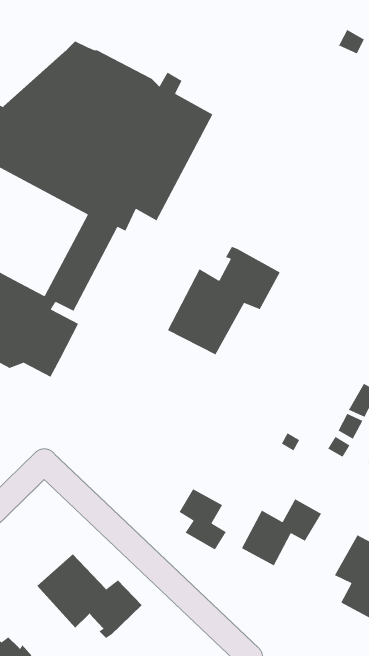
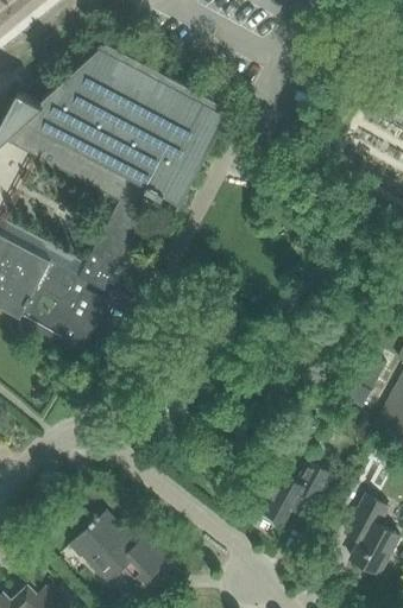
building: [167,246,281,355] -> none
building: [178,488,227,551] -> none

